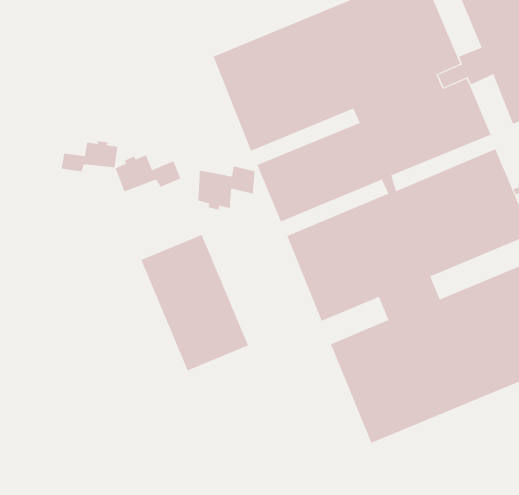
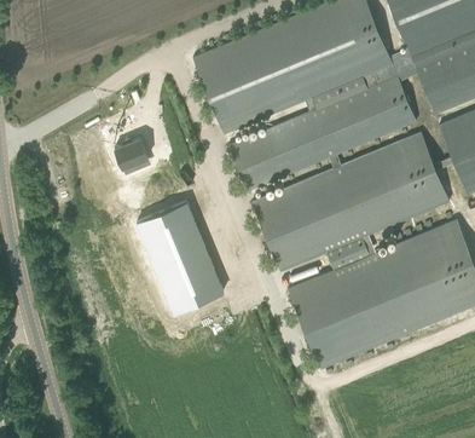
building: [61,140,118,172] -> none
building: [198,166,255,210] -> none

